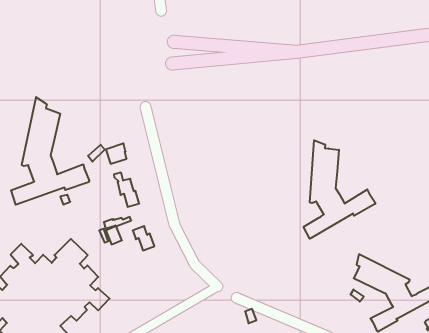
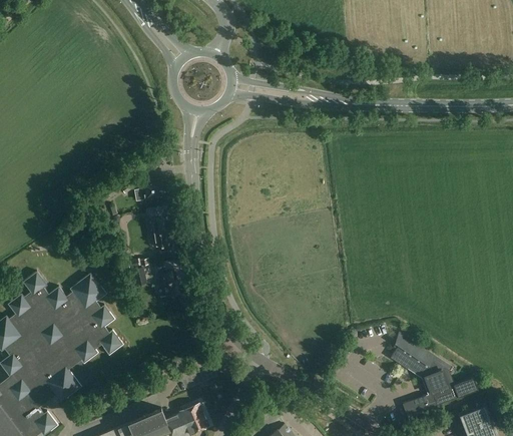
building: [11,97,89,205] -> none
building: [304,140,375,239] -> none

